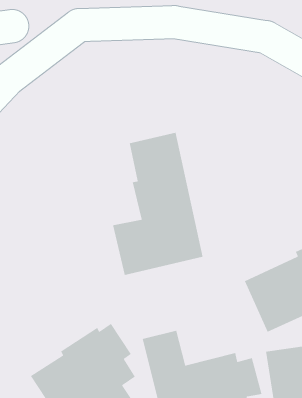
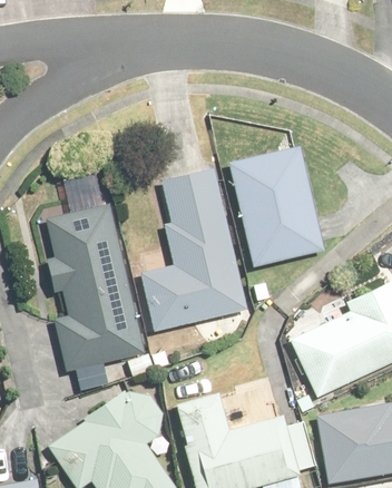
building: none -> [231,148,324,267]
building: none -> [47,203,146,372]

